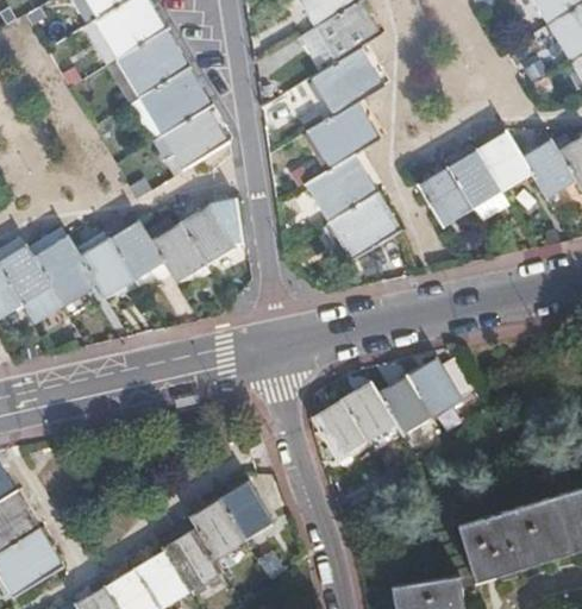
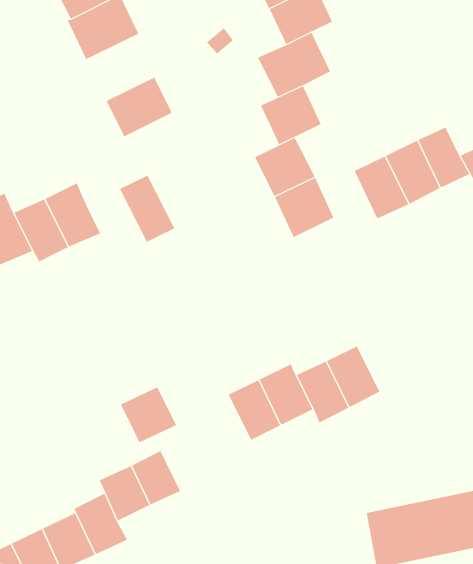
building: [137,64,212,134] -> none
building: [151,221,214,291] -> none
building: none -> [120,387,177,443]

